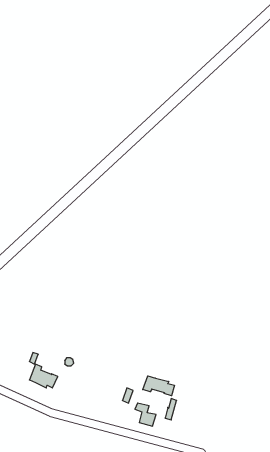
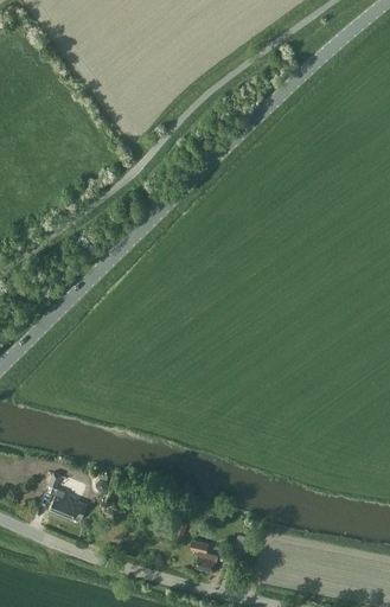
building: [143,376,174,396] -> none

